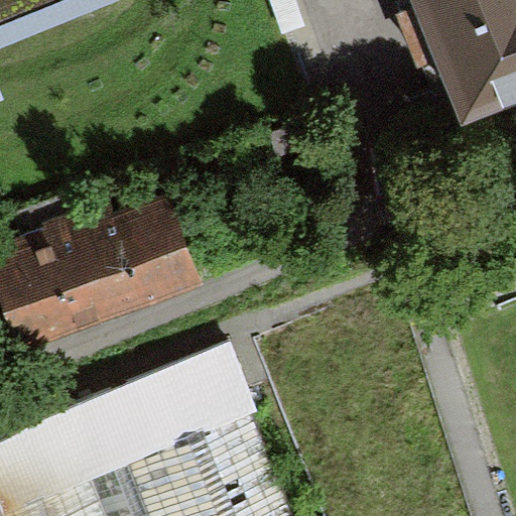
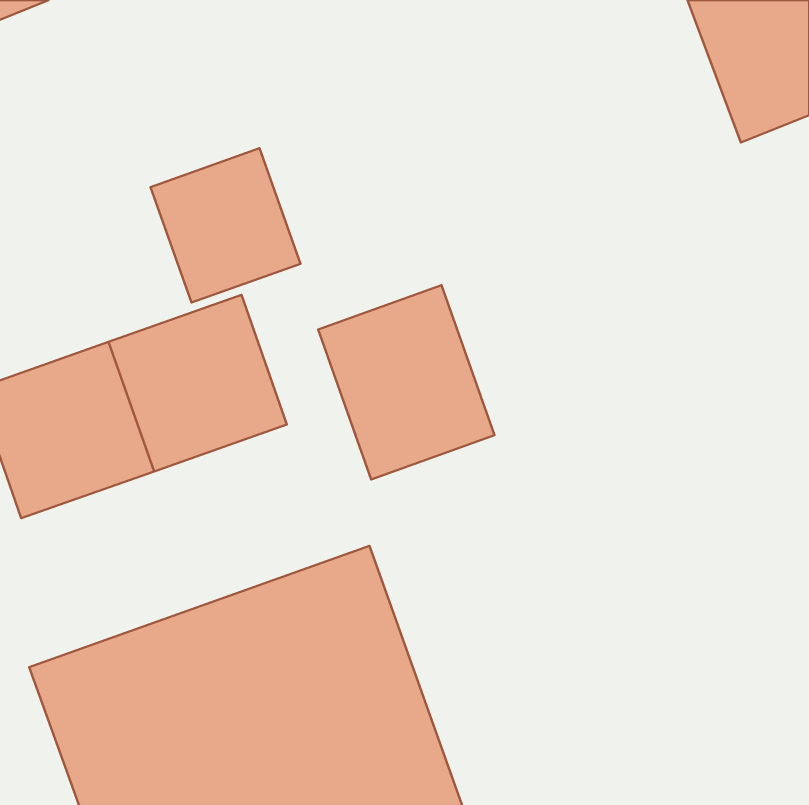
building: none -> [151,148,301,303]
building: none -> [318,285,495,479]

